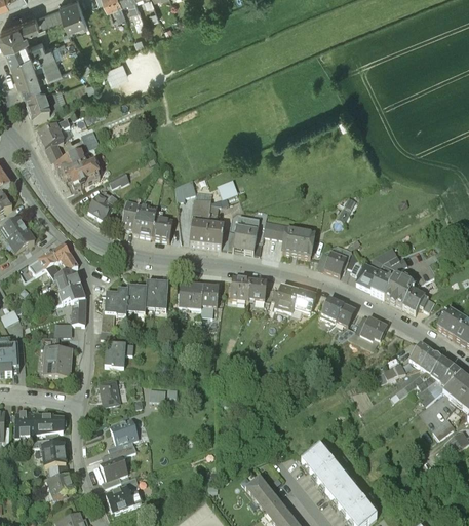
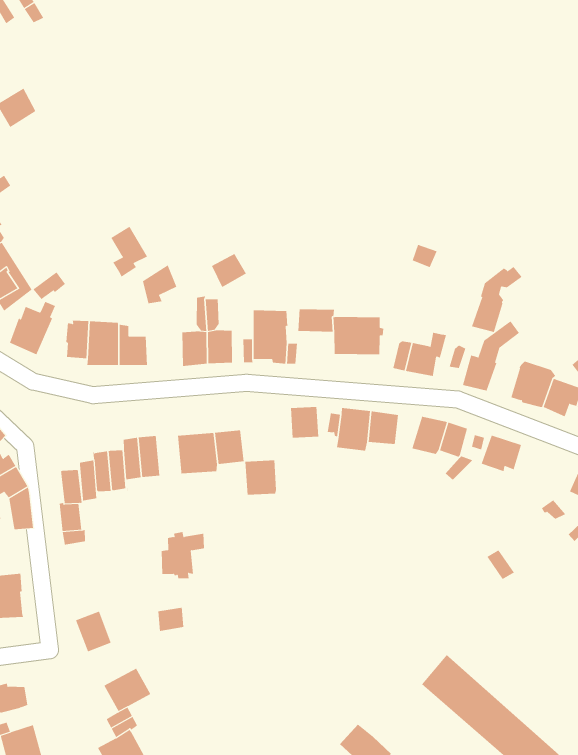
building: none -> [111,226,148,278]
building: [370,256,406,294] -> [471,266,522,333]
building: [230,275,250,298] -> [245,460,277,495]
building: [104,340,133,369] -> [161,532,205,579]

